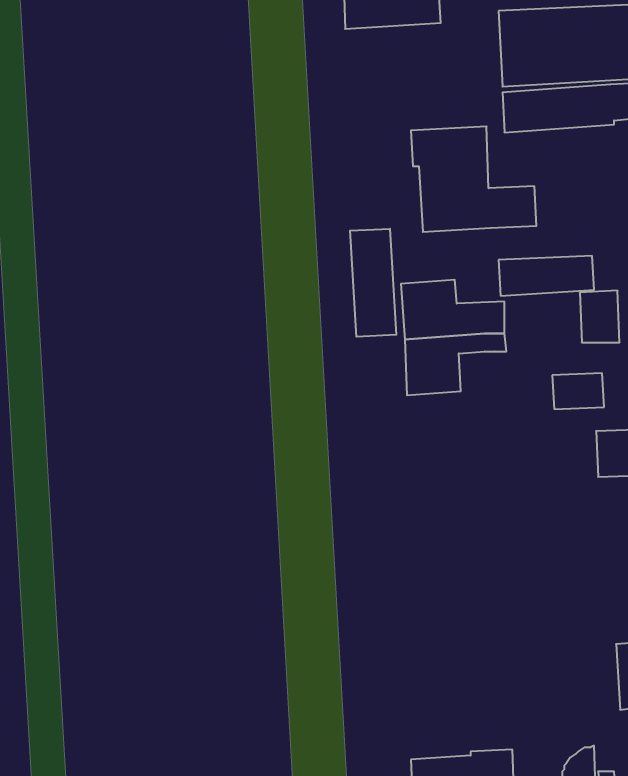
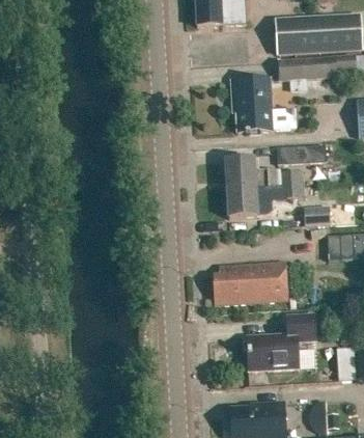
building: [350,229,396,337] -> none
building: [580,291,620,342] -> [281,168,302,195]
building: none -> [214,261,286,303]
building: none -> [246,312,315,371]

